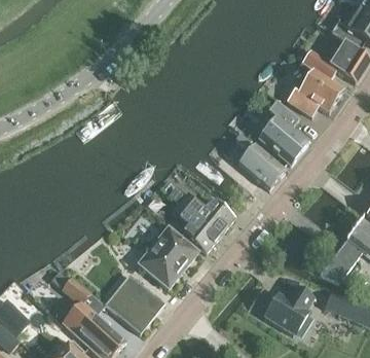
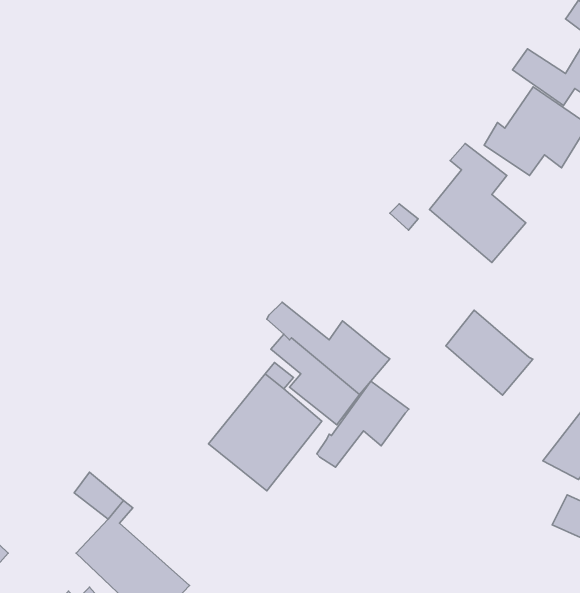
building: [238,144,286,190] -> [446,310,533,395]
building: none -> [317,381,409,467]
building: [105,275,164,333] -> none
building: [264,288,313,334] -> none

